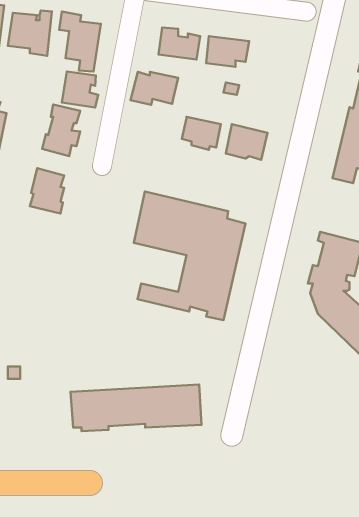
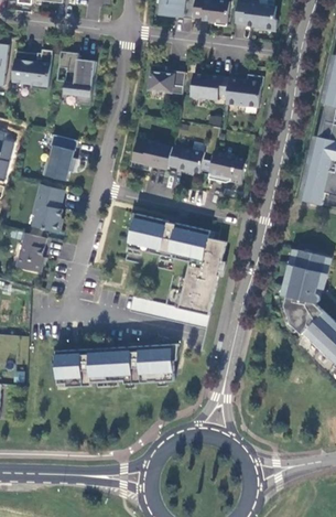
building: none -> [226,74,263,107]
building: [62,71,98,108] -> none
building: [130,72,178,105] -> [130,141,173,171]
building: none -> [17,233,46,272]
building: [71,385,202,431] -> [56,344,174,386]

